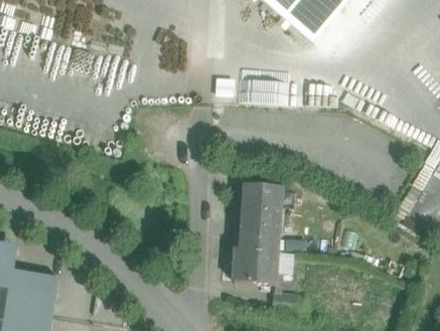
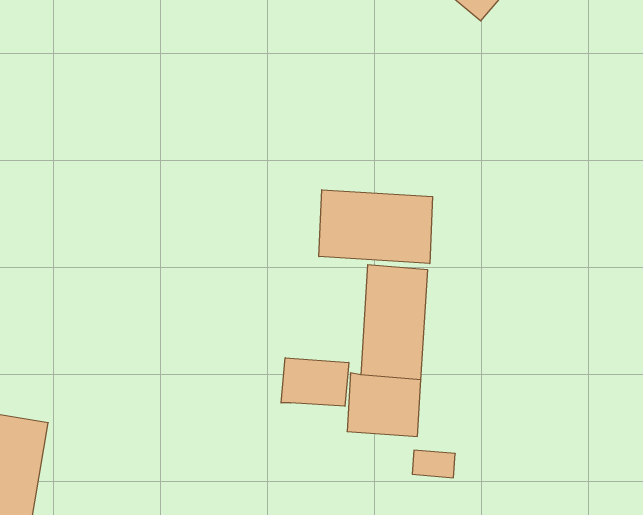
building: none -> [319,190,433,264]
building: none -> [281,358,349,406]

